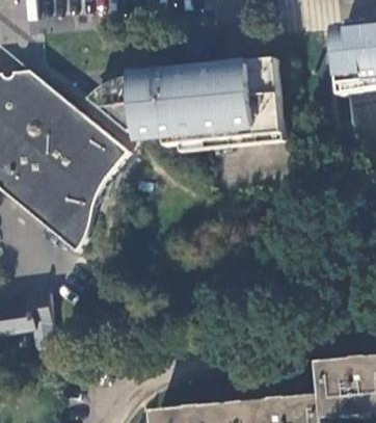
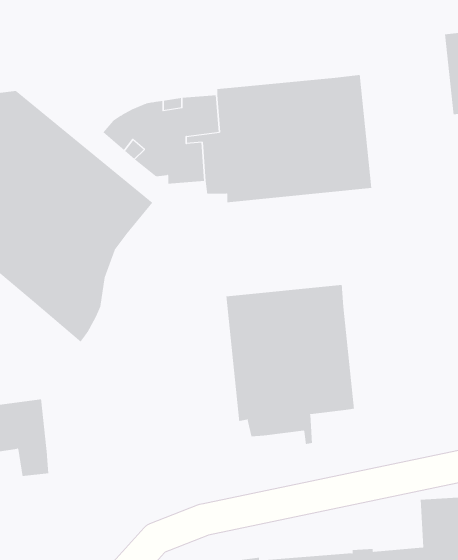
building: none -> [226,284,354,445]

